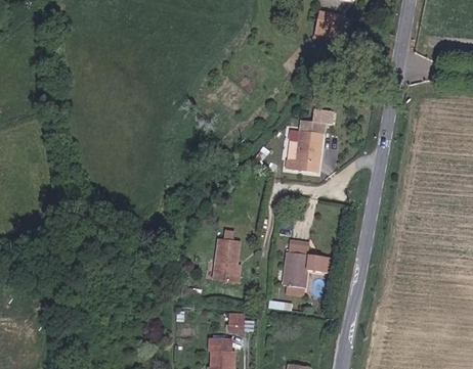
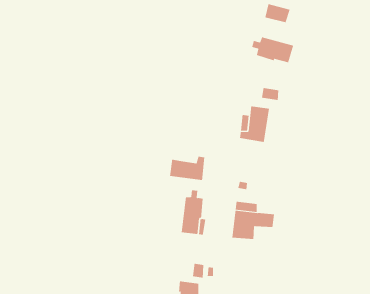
building: none -> [251,36,294,63]
building: none -> [169,156,205,181]

